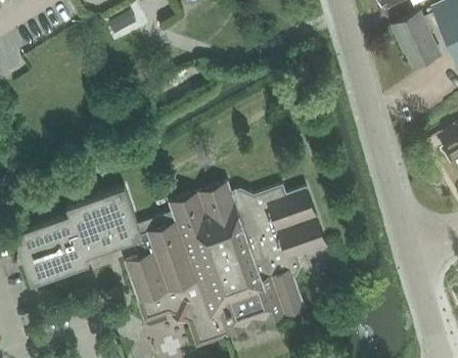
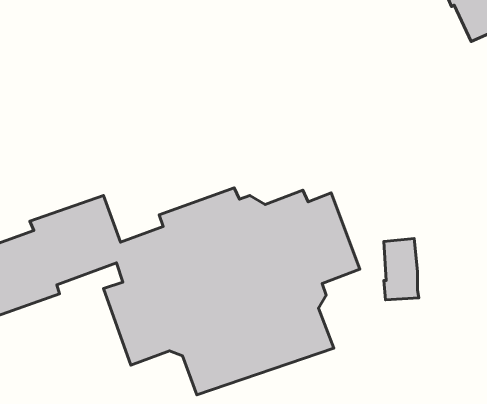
building: none -> [384,239,419,300]

